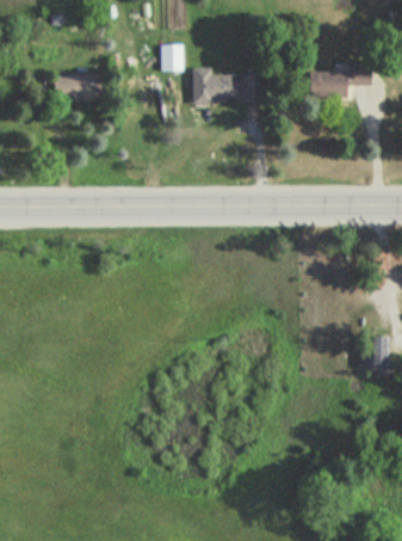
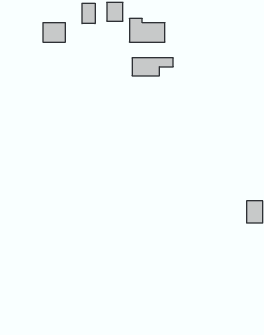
building: none -> [82,3,95,24]
building: [307,72,367,98] -> [132,58,173,76]

